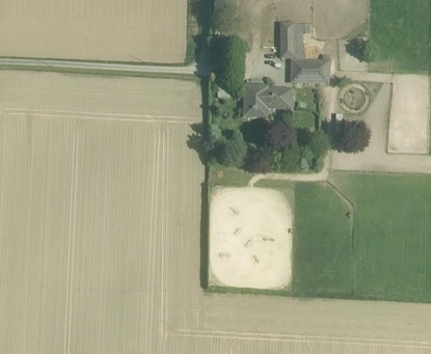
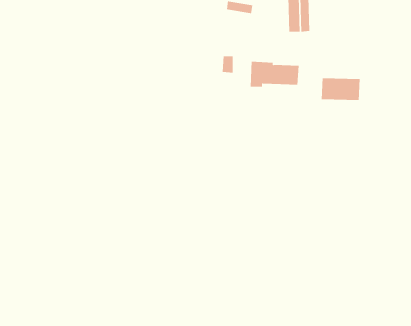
building: [291,59,329,81] -> [321,78,361,100]

